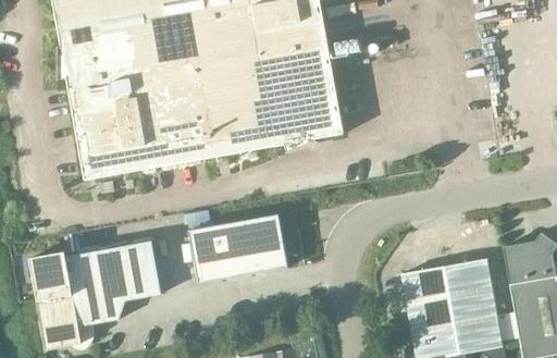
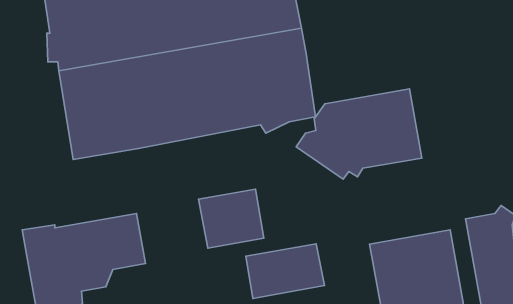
building: none -> [296,89,422,179]
building: [189,225,228,283] -> none
building: none -> [246,244,324,298]

